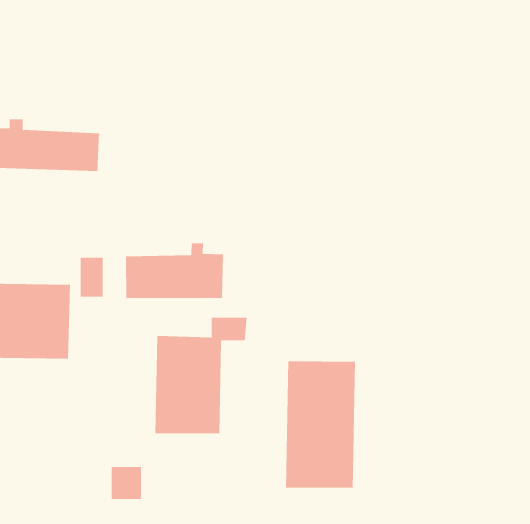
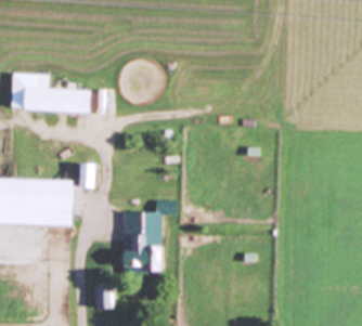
building: [125,242,224,299] -> none
building: [285,361,356,489] -> none

